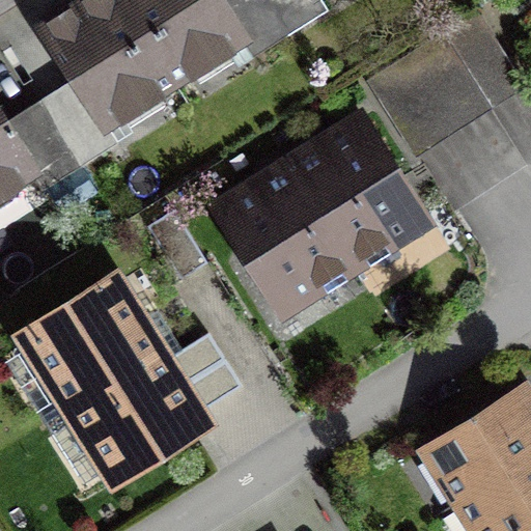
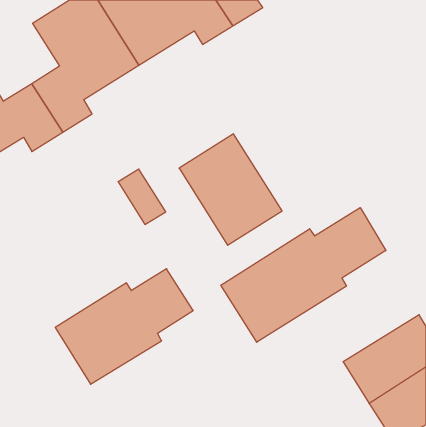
building: [289,124,418,262] -> none
building: none -> [221,208,386,342]
building: [24,280,157,407] -> none

